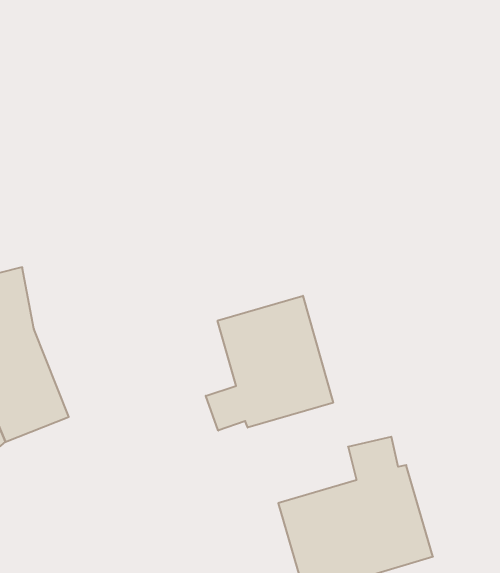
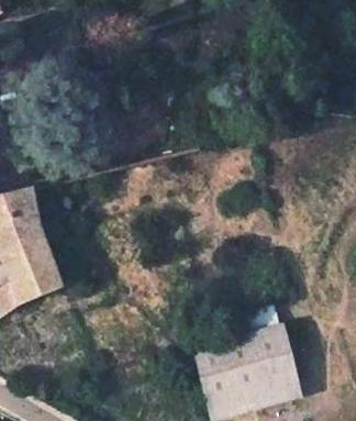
building: [206,296,333,431] -> none

